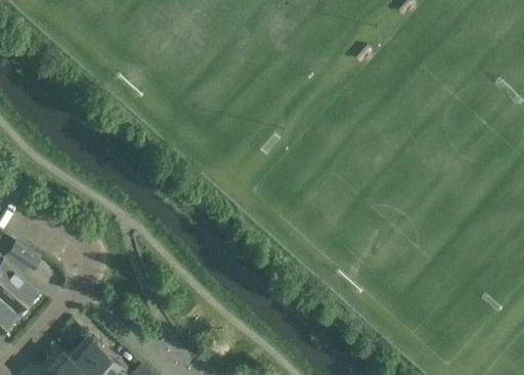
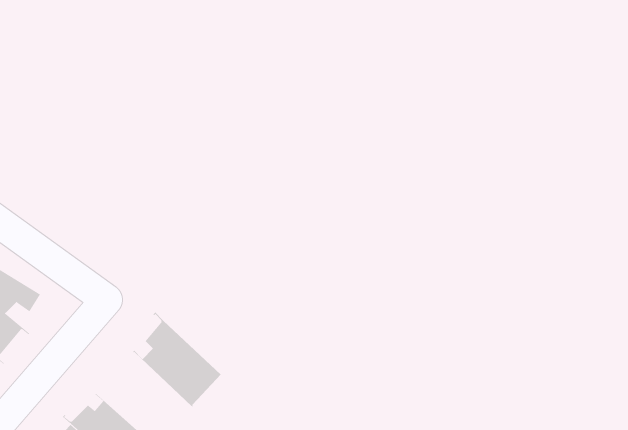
building: none -> [133,312,221,408]

